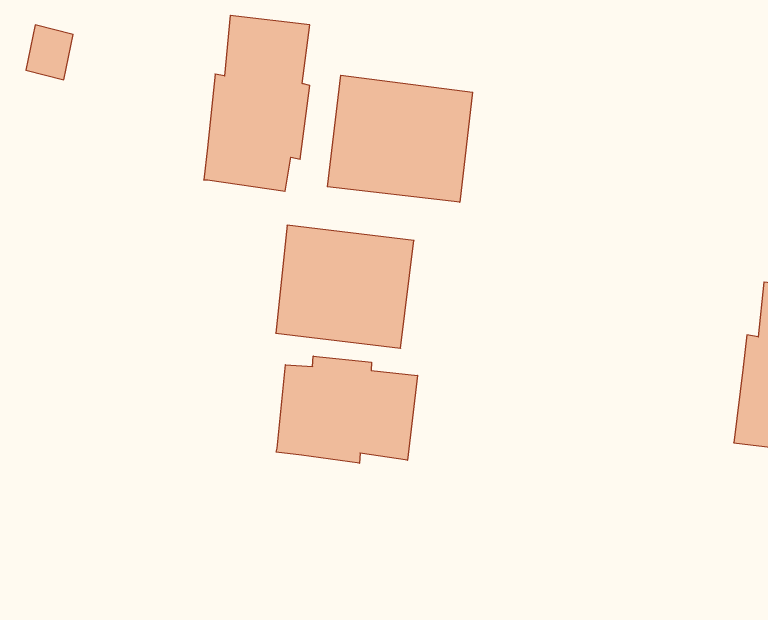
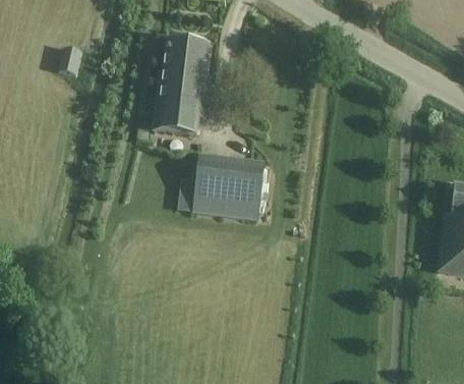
building: [327,75,473,202] -> none
building: [276,356,418,463] -> none

